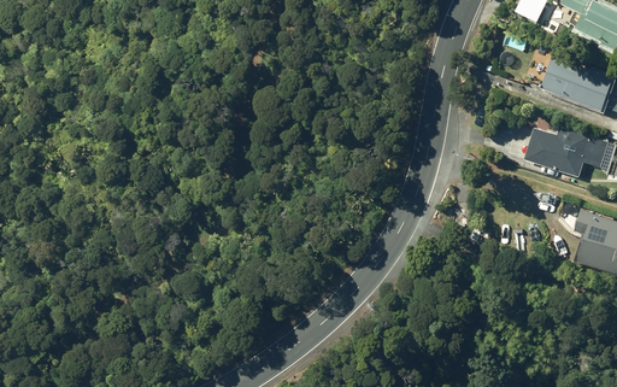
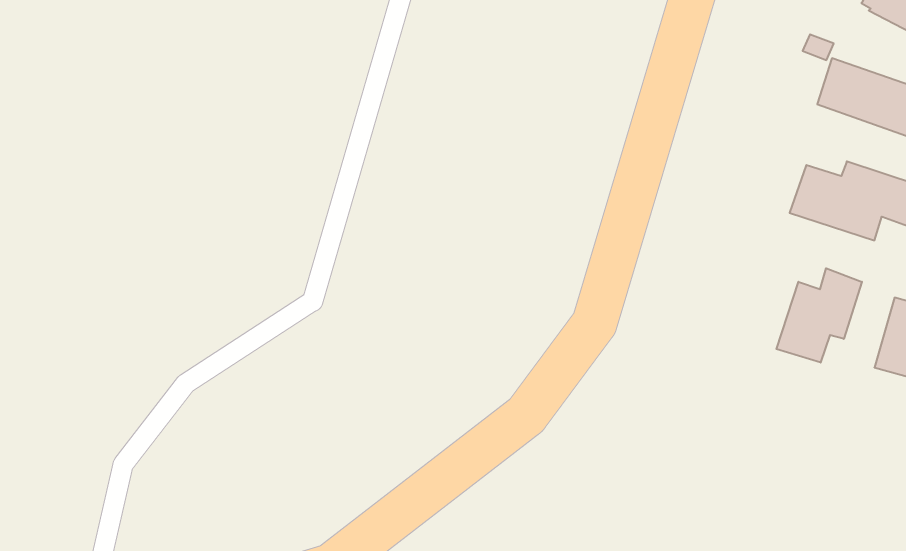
building: none -> [776,268,862,363]

